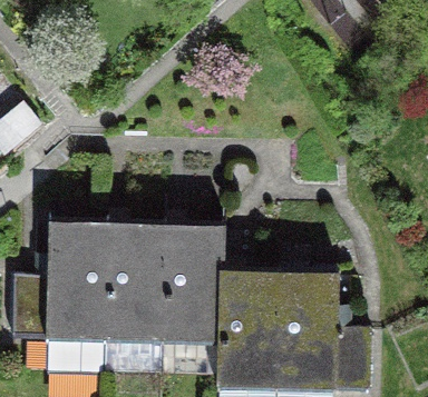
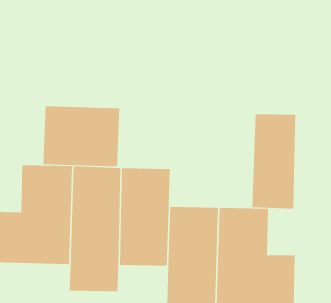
building: none -> [43,106,120,167]
building: none -> [252,114,296,209]

